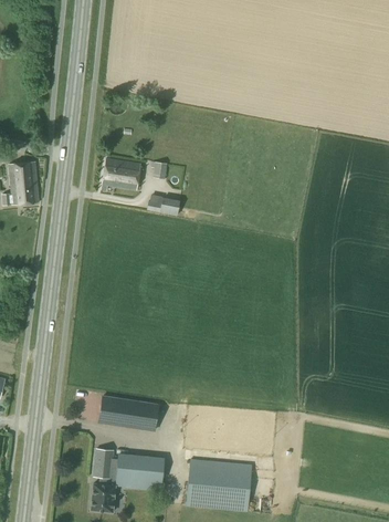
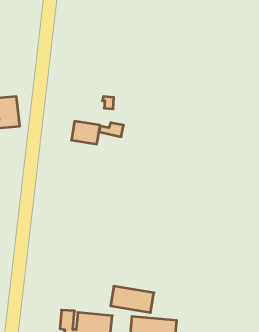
building: [102,158,140,189] -> [71,121,100,144]
building: [99,395,158,430] -> [111,286,154,312]

